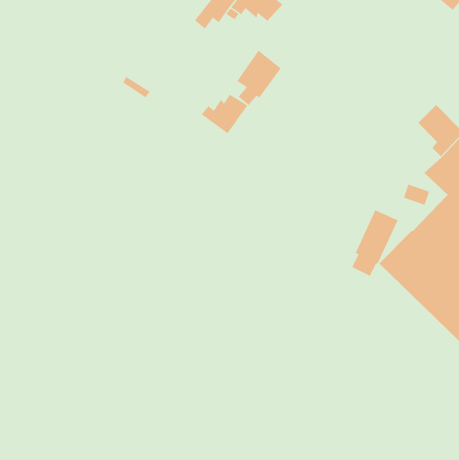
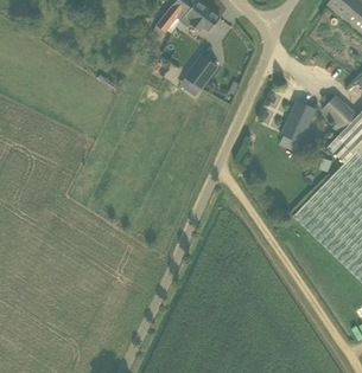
building: [201,94,248,134] -> none
building: [352,209,398,276] -> [279,101,315,152]

